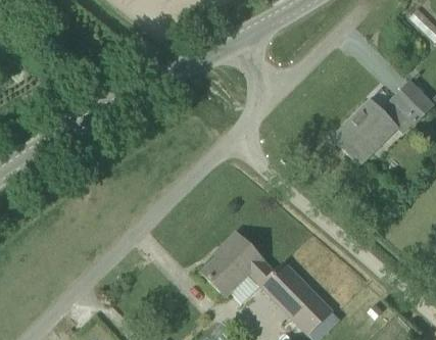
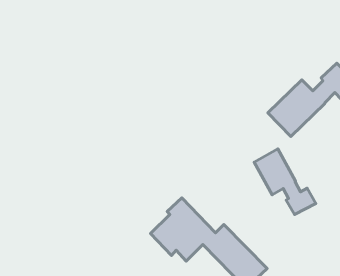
building: none -> [254,149,316,215]

